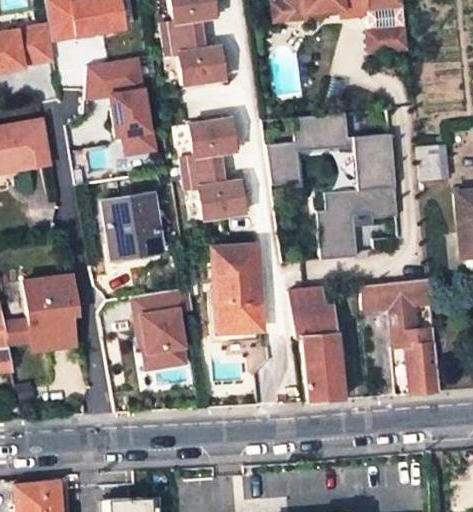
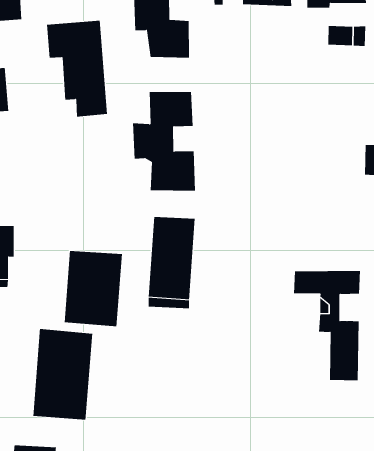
building: [265,113,394,256] -> none
building: [102,194,163,260] -> none
building: [288,288,342,401] -> none
building: none -> [33,328,93,421]

